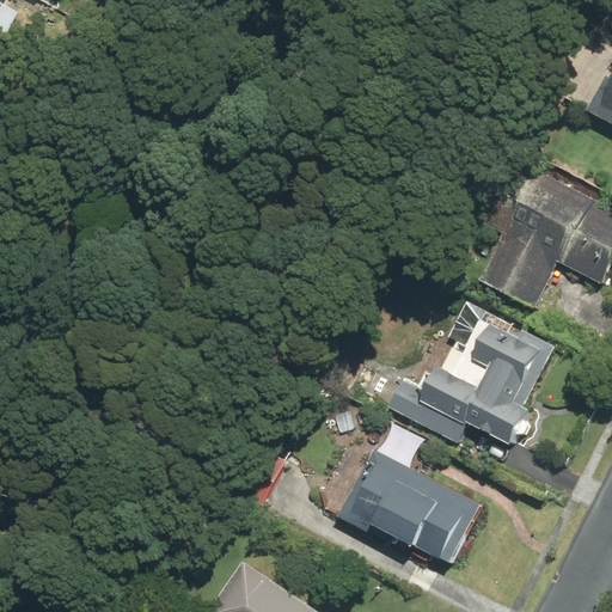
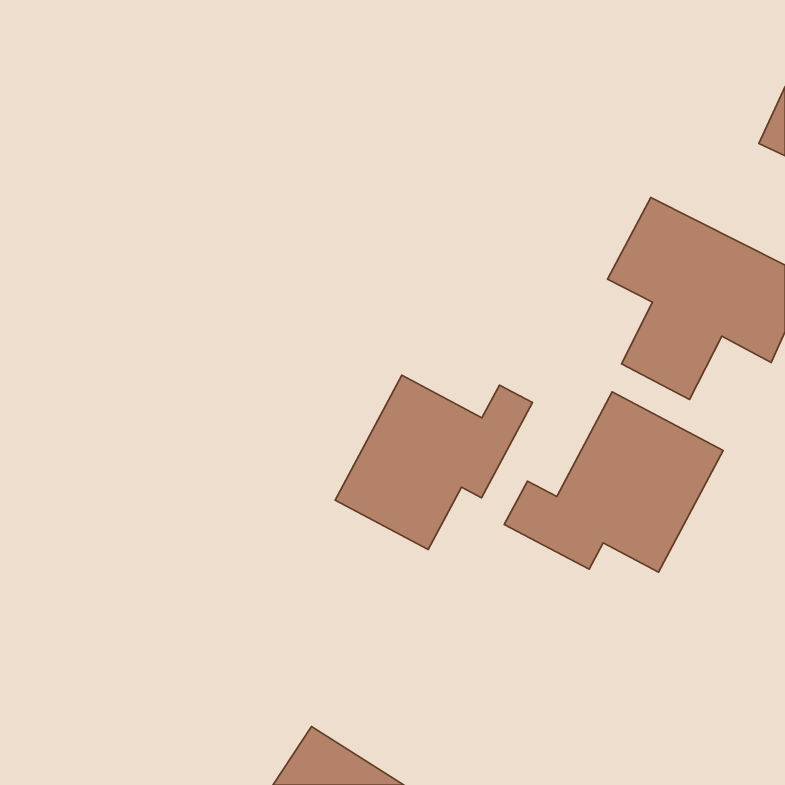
building: none -> [335,375,533,550]
building: [342,452,482,569] -> none

